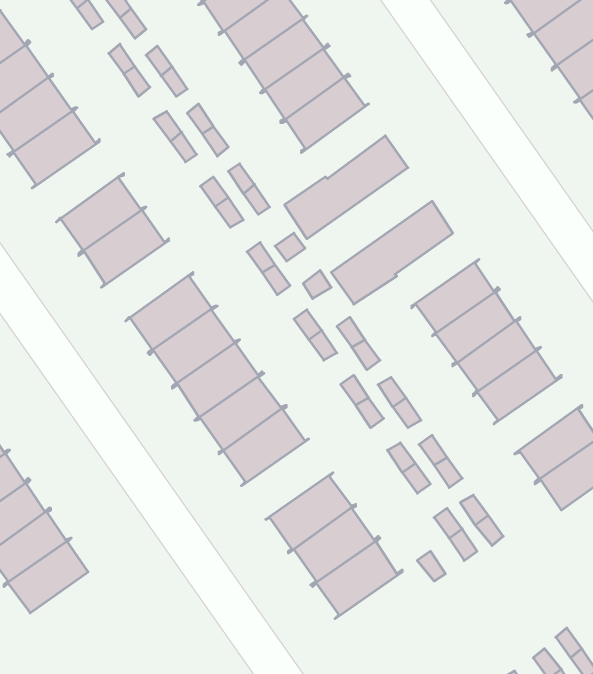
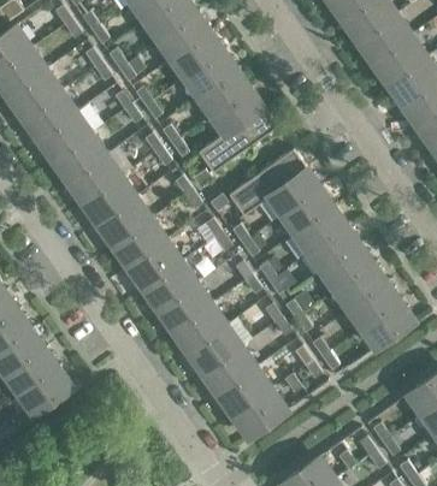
building: none -> [209,87,264,135]
building: none -> [36,111,95,162]
building: none -> [270,170,324,217]
building: none -> [81,174,140,226]
building: none -> [333,262,390,312]
building: none -> [171,302,230,354]
building: none -> [231,387,288,438]

